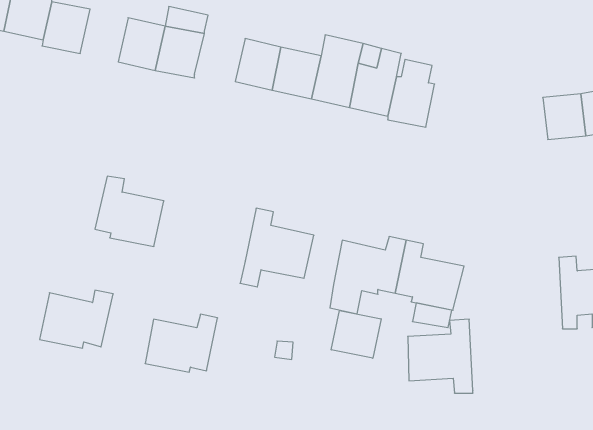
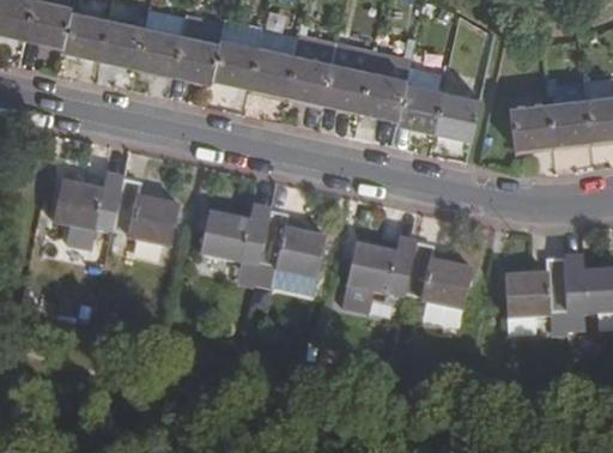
building: none -> [98,17,145,68]
building: none -> [210,38,259,87]
building: none -> [435,90,481,140]
building: none -> [509,103,553,149]
building: [40,290,113,348] -> [53,176,125,232]
building: [331,310,381,358] -> none
building: [145,314,218,372] -> [199,207,269,264]
building: [408,319,473,393] -> [504,259,568,331]

